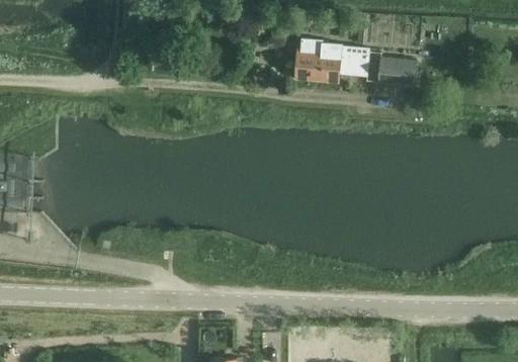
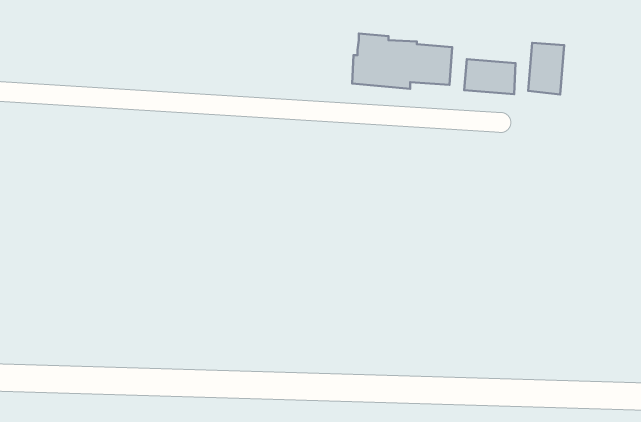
building: none -> [528,43,564,95]

